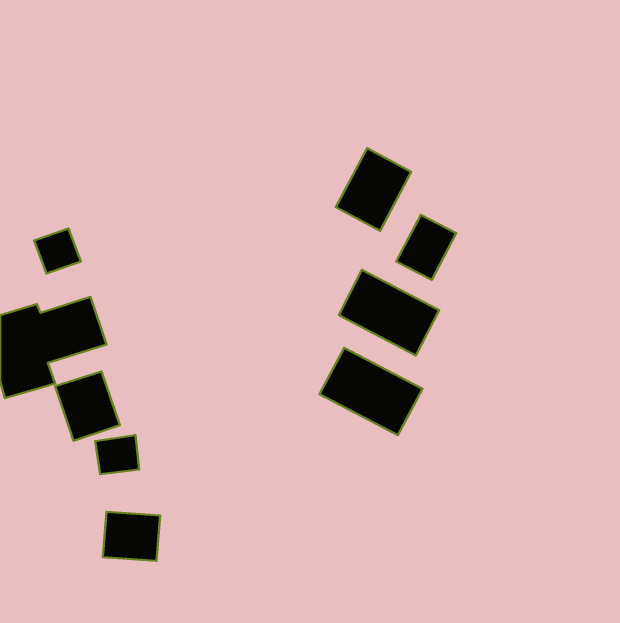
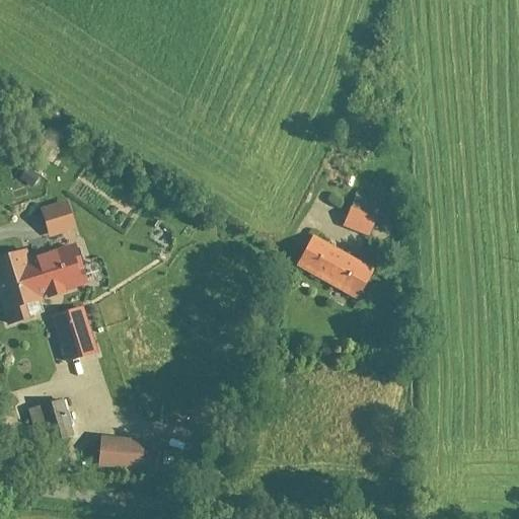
building: [336,148,411,231] -> none
building: [319,348,423,435] -> none
building: [95,435,139,474] -> [38,401,74,434]

